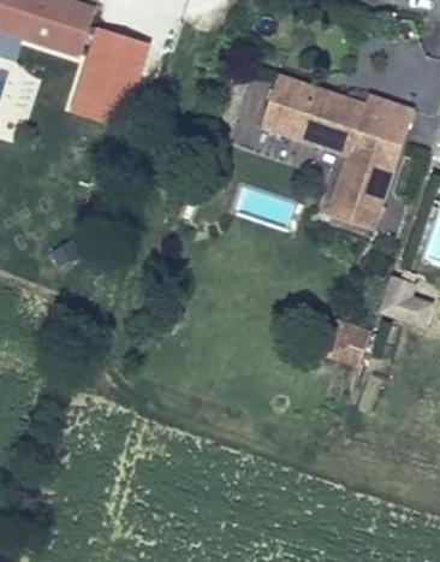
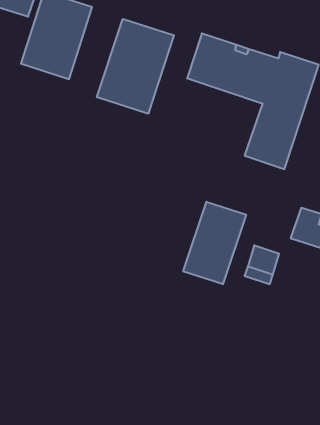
building: none -> [97,19,174,114]
building: none -> [183,202,246,284]

